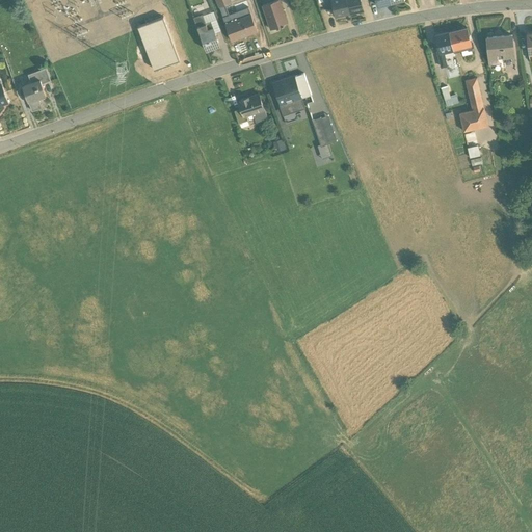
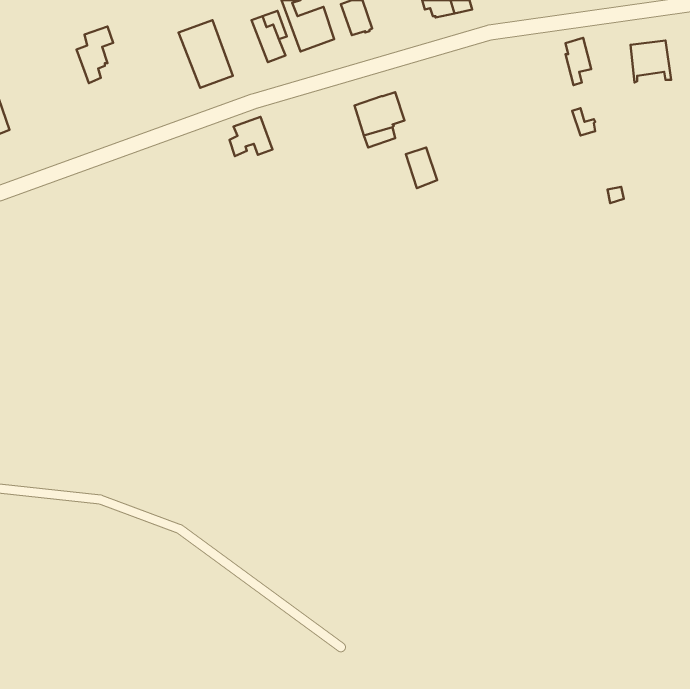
building: [448,26,472,55] -> none
building: [22,68,50,111] -> [77,26,113,83]
building: [458,77,487,132] -> none
building: [234,94,267,124] -> [229,117,273,156]

